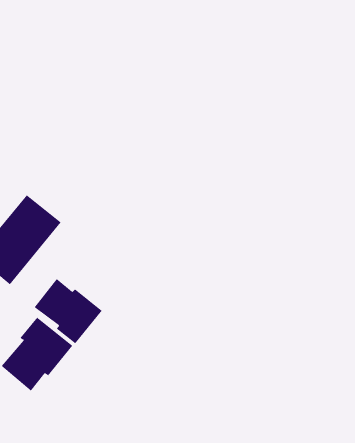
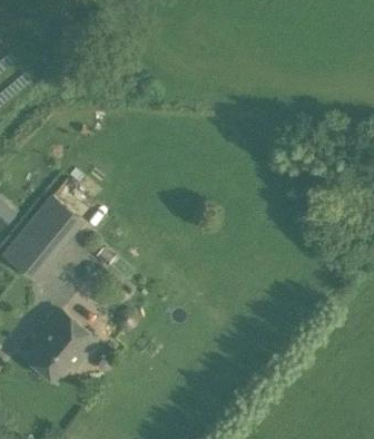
building: [34,278,102,344] -> none

